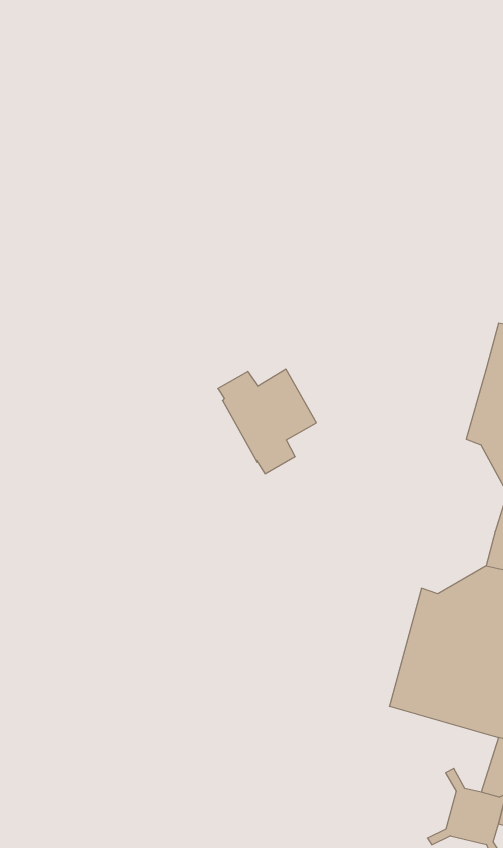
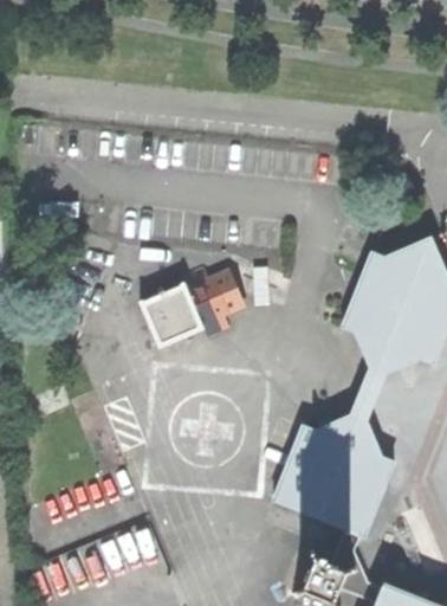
building: none -> [141,284,203,346]

